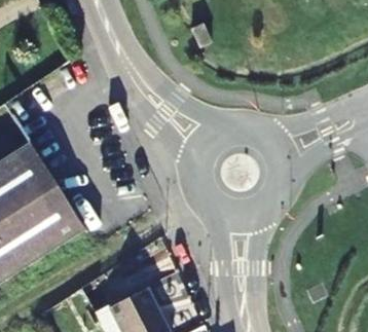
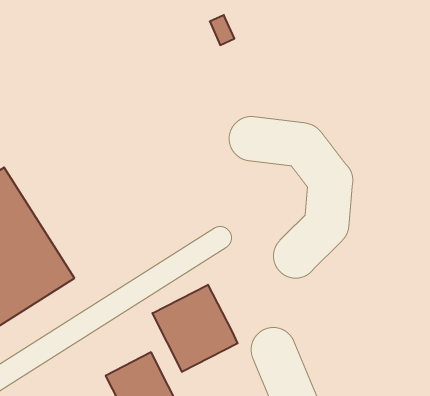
building: none -> [152,285,238,372]

